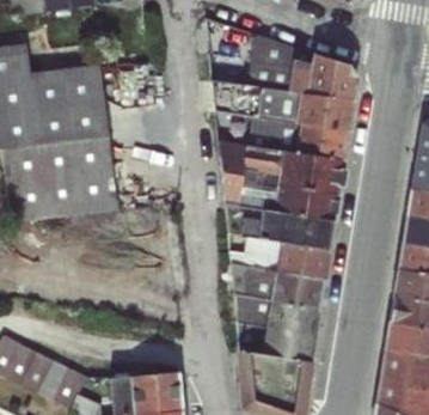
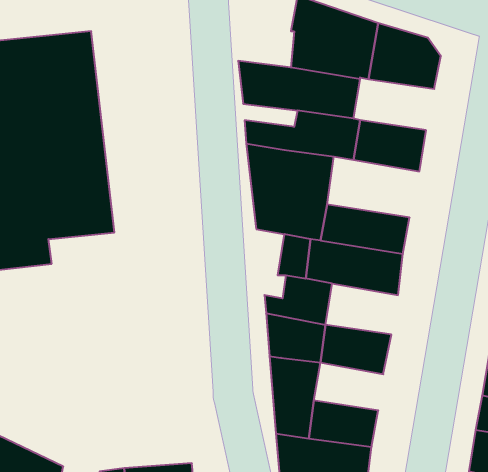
building: [295,93,354,132] -> none
building: [276,151,343,195] -> none
building: [275,243,327,280] -> none
building: [266,300,317,335] -> none

